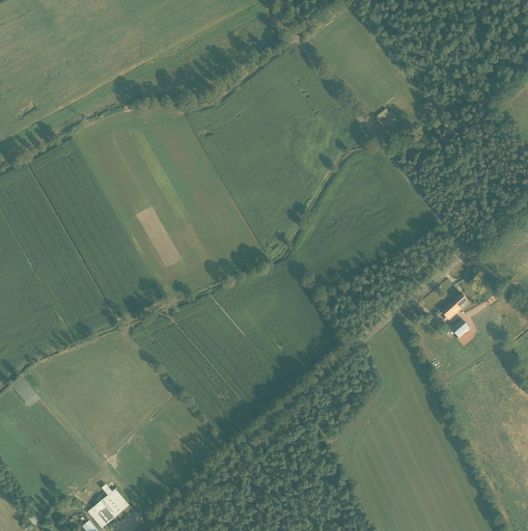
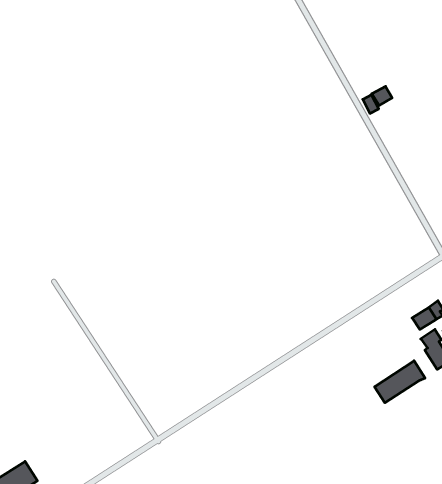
building: none -> [375,361,425,403]

